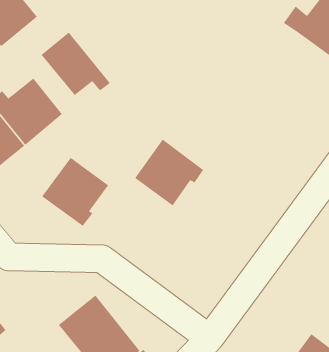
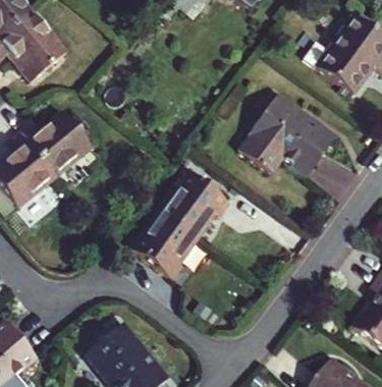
building: [41,32,111,96] -> none
building: none -> [235,94,333,174]
building: [41,157,109,227] -> [130,209,197,277]

